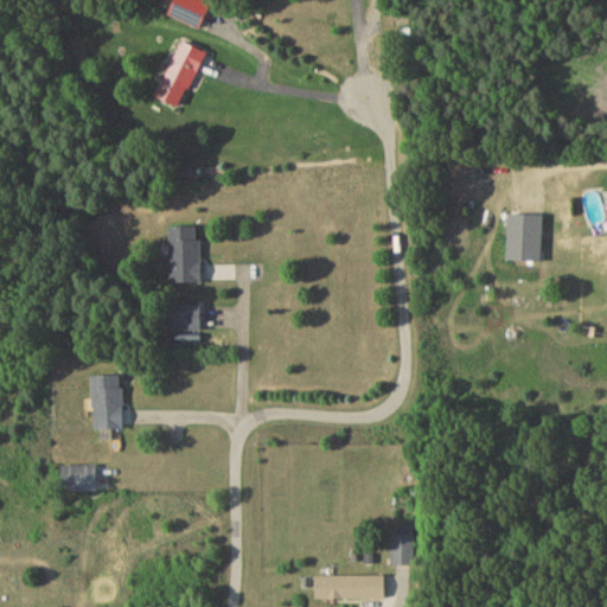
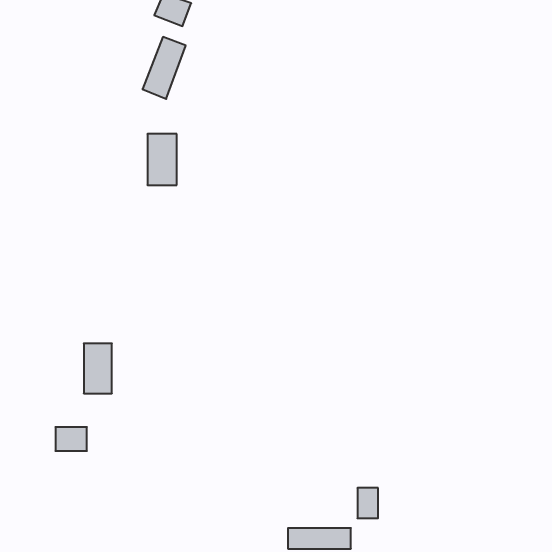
building: [505,213,541,261] -> none
building: [168,226,200,282] -> [147,134,177,185]
building: [162,304,200,330] -> none

